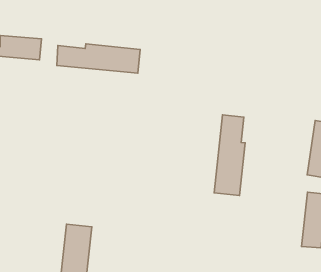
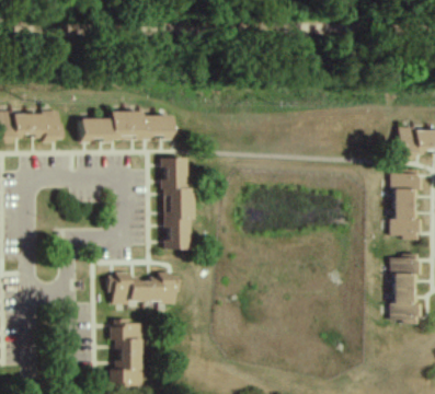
building: [214,115,245,195] -> [164,158,194,248]
building: none -> [114,273,178,303]

